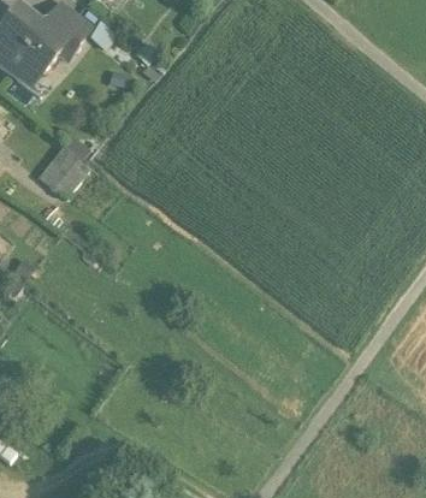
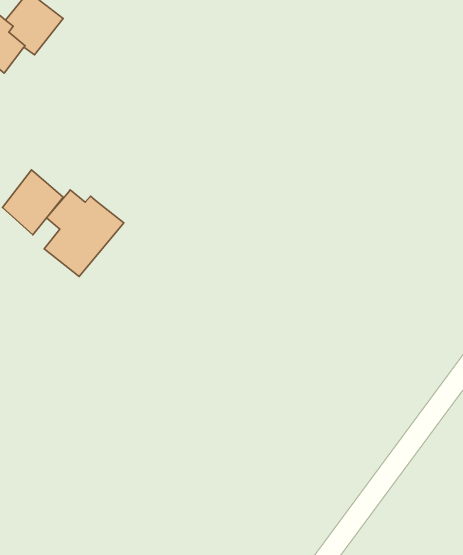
building: none -> [44,190,124,276]

